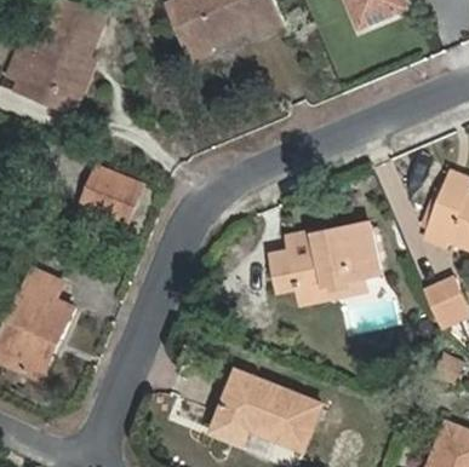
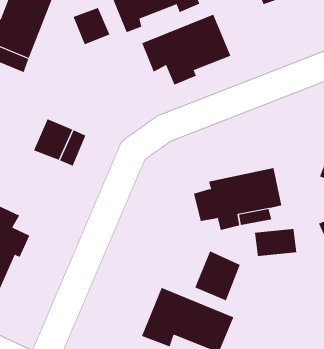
building: none -> [73,7,110,45]
building: none -> [141,14,231,85]
building: none -> [194,250,241,301]

